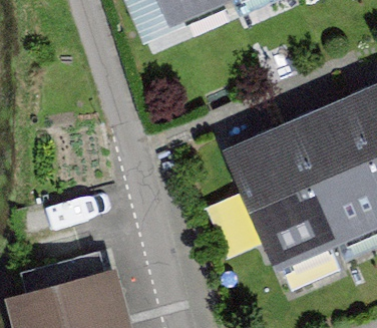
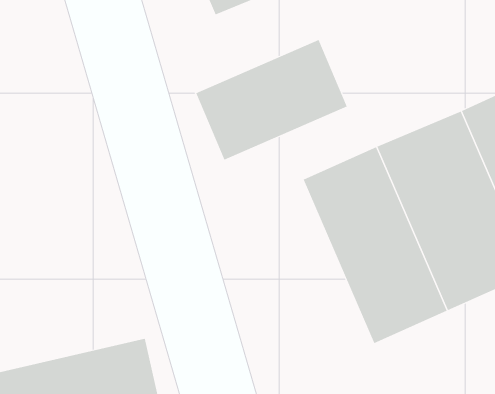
building: none -> [195,39,347,160]

